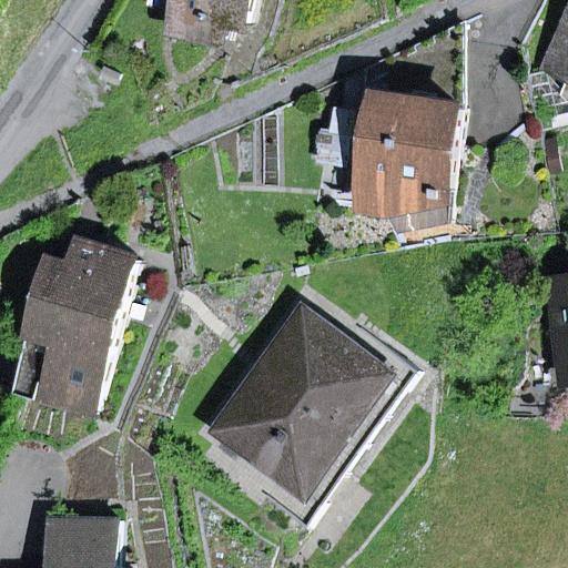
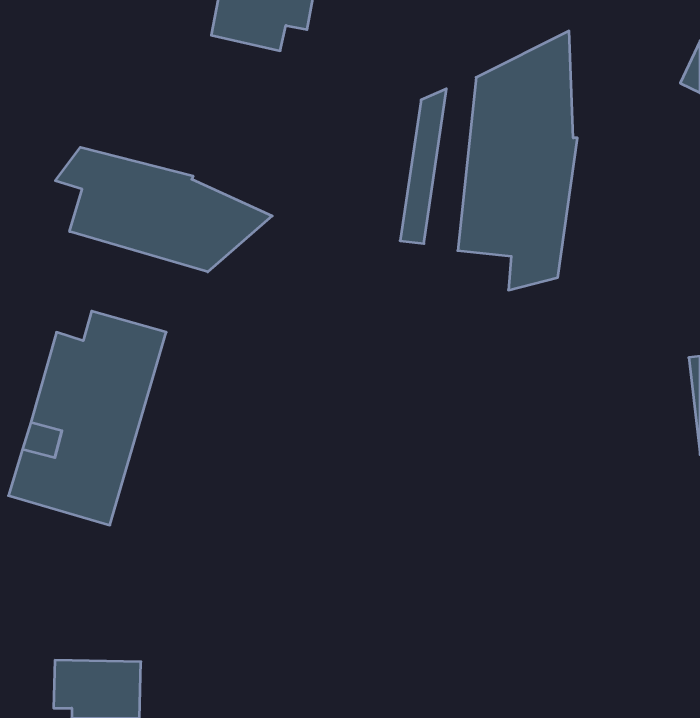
building: none -> [55,147,272,272]
building: [209,311,398,505] -> none

